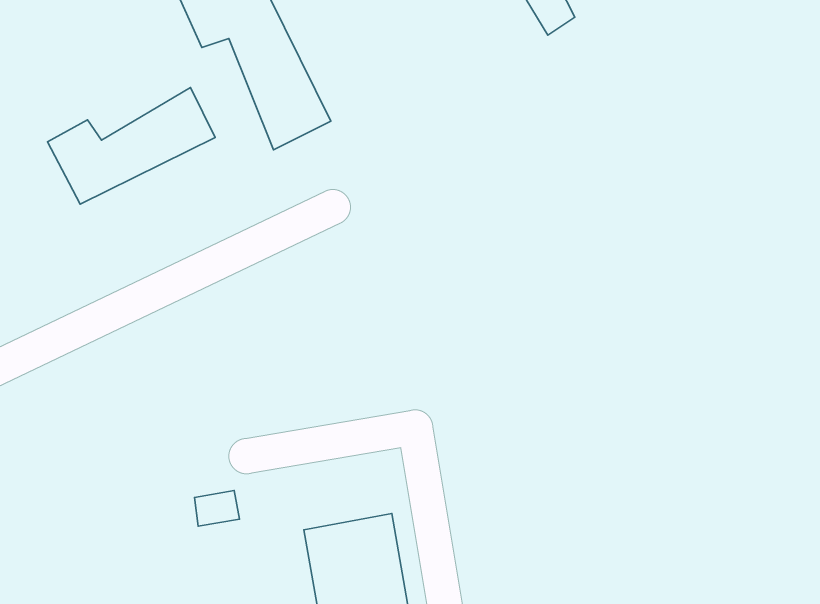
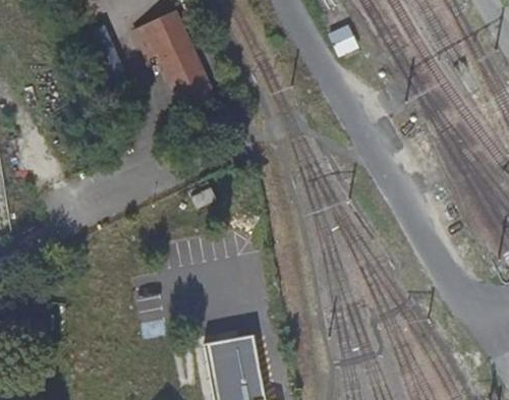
building: [47,87,215,204] -> none

